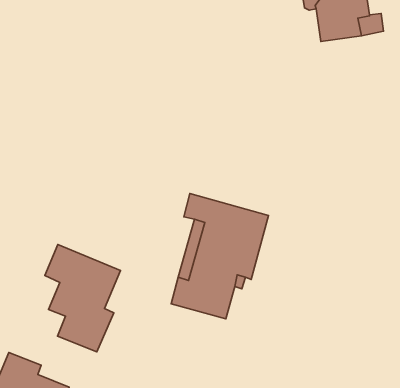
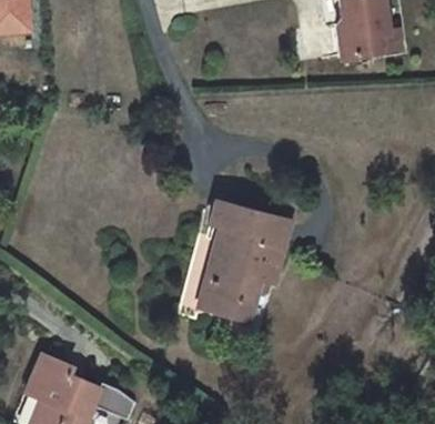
building: [45,245,121,352] -> none

